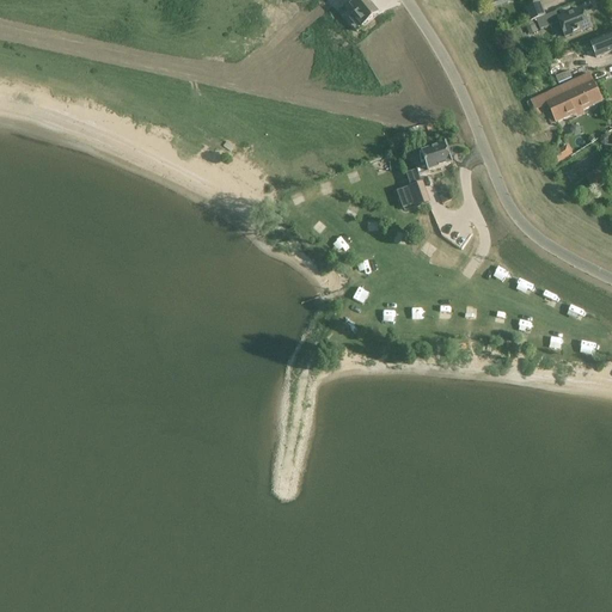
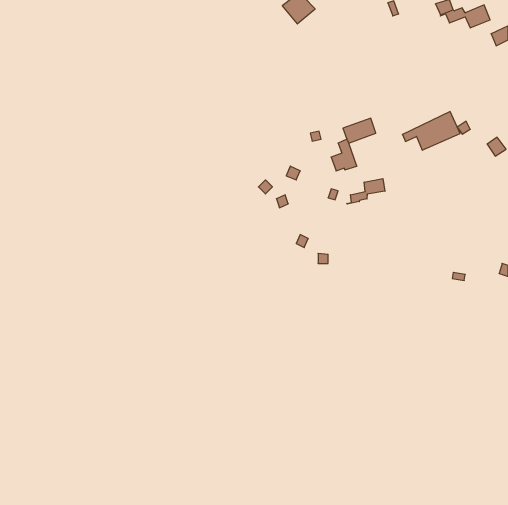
building: [532,72,601,118] -> [402,112,460,150]
building: none -> [347,179,385,204]

